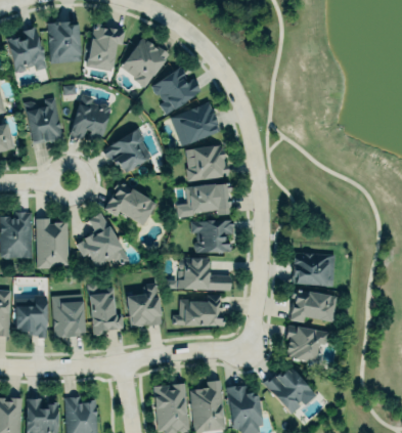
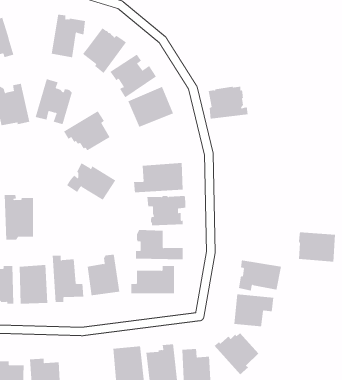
building: [47,21,81,64] -> none
building: [185,145,229,181] -> [208,86,249,119]
building: [76,212,131,267] -> none
building: [293,253,333,286] -> [298,232,336,262]

